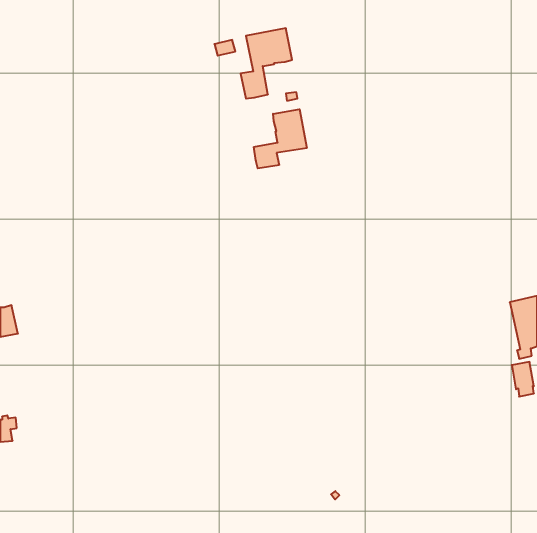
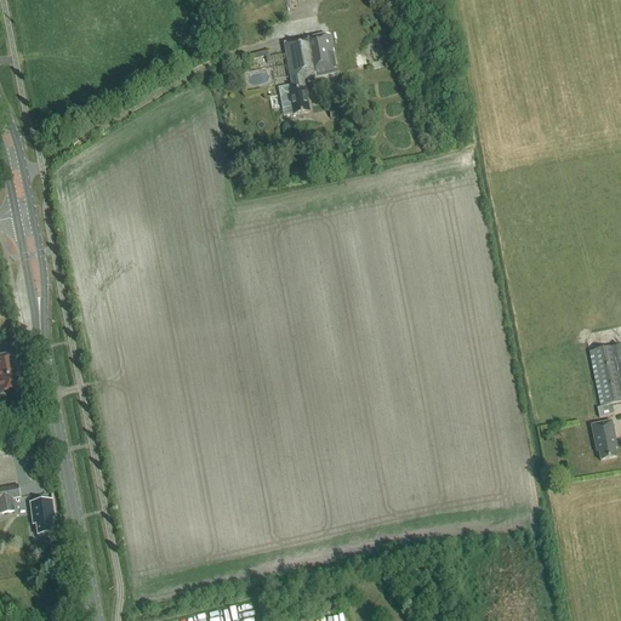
building: [254,109,307,168] -> none
building: none -> [32,498,55,532]

